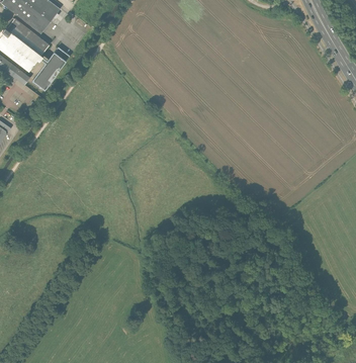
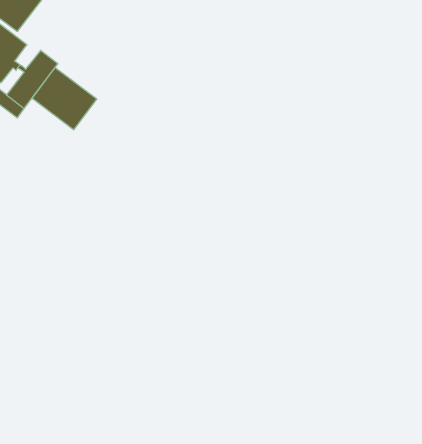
building: none -> [32,67,97,130]

